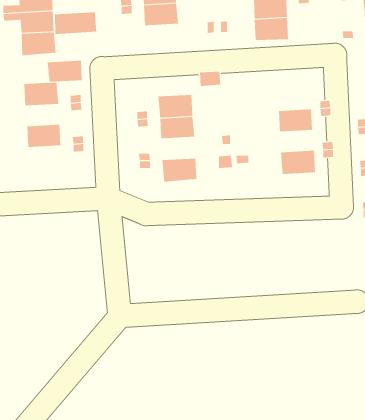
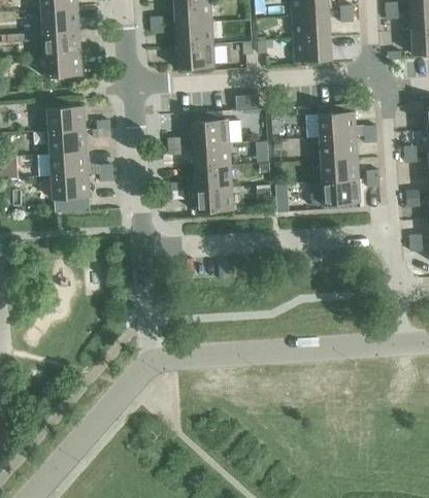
building: [54,12,97,35] -> none
building: none -> [175,44,213,70]
building: [47,60,83,82] -> [47,130,86,154]
building: none -> [317,112,355,137]
building: none -> [320,158,358,181]
building: none -> [193,165,231,190]
building: none -> [51,174,89,212]

